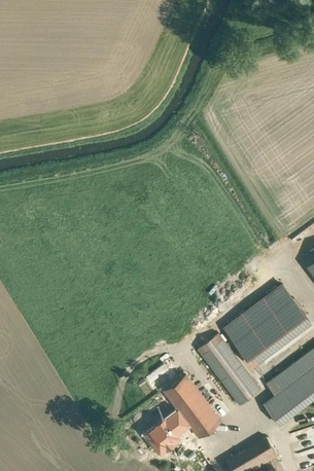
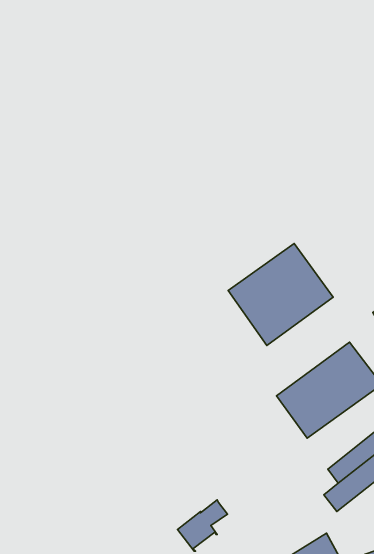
building: none -> [228,243,333,345]
building: [198,335,259,406] -> none
building: [163,375,220,438] -> none

